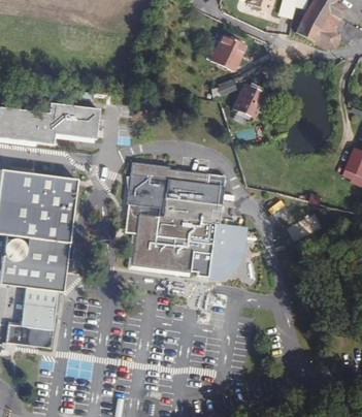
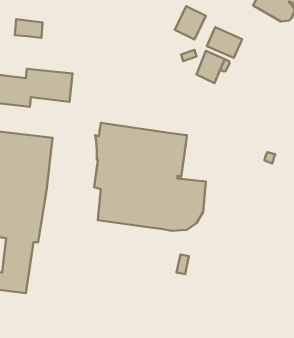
building: none -> [15,19,43,38]
building: none -> [207,27,242,58]

